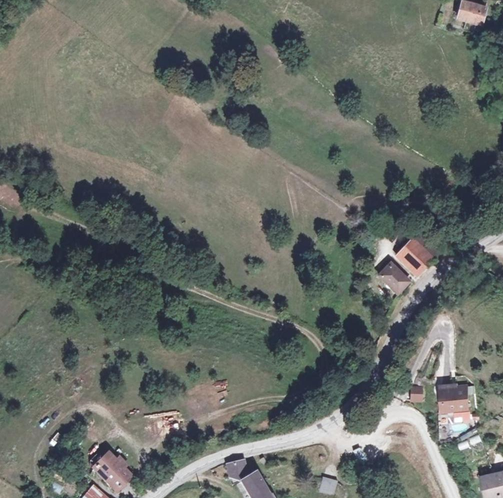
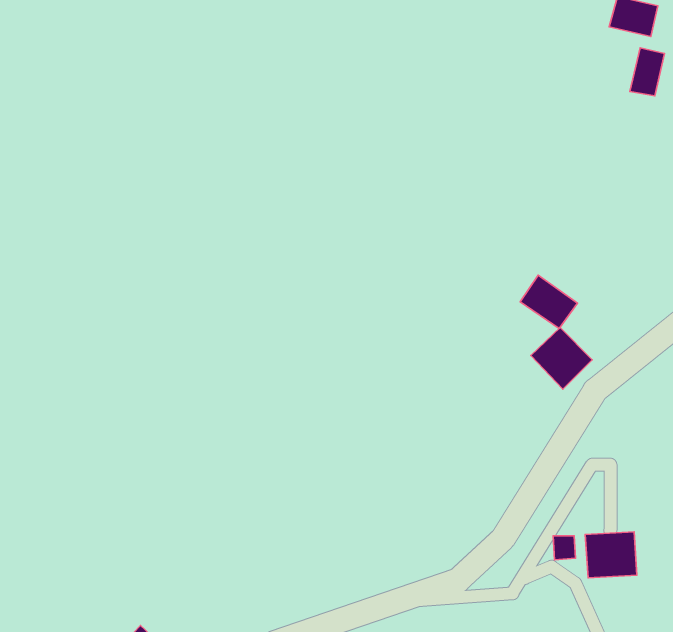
building: none -> [630,48,664,96]
building: [373,259,414,297] -> [520,275,577,328]

